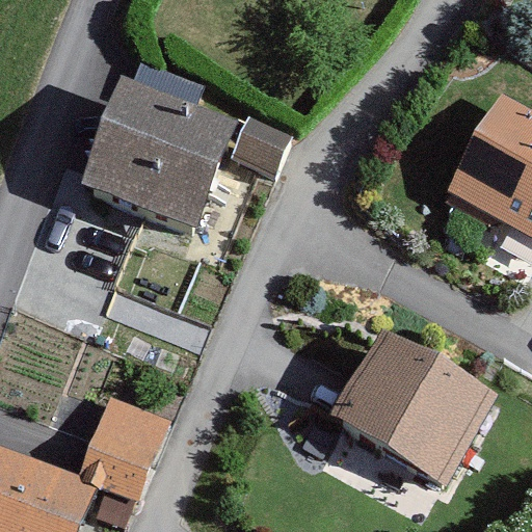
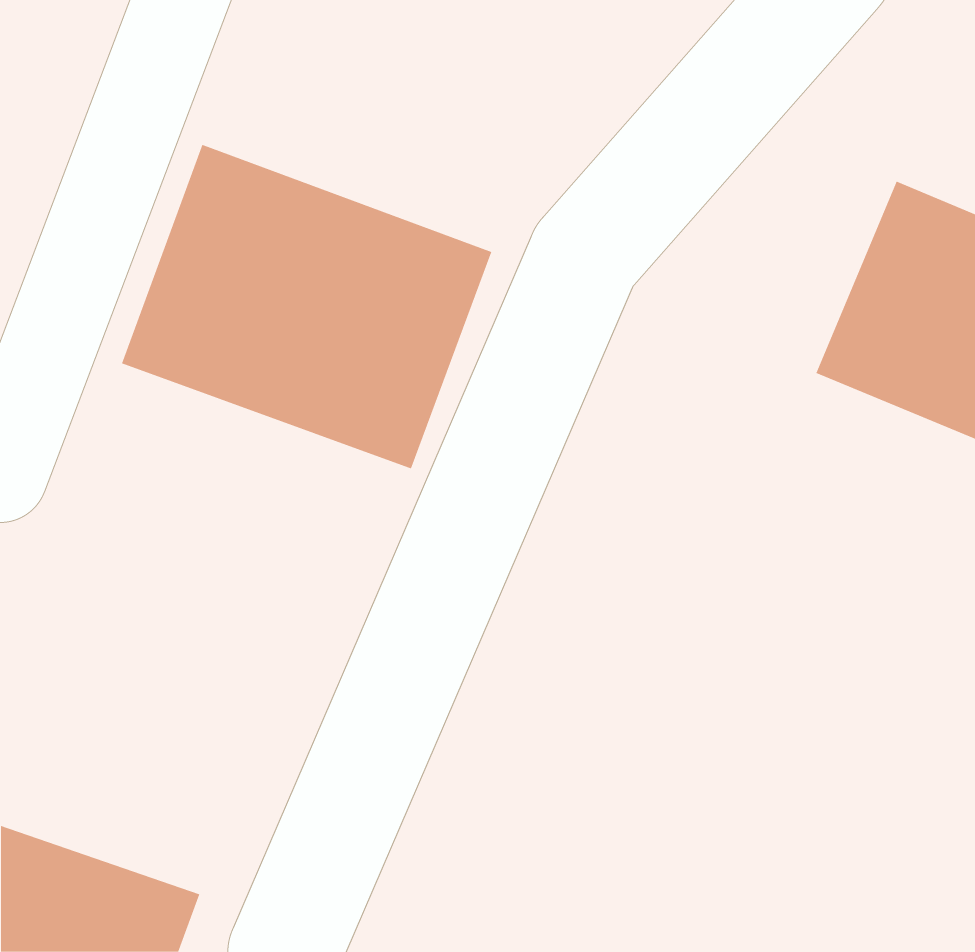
building: [334,335,487,478] -> none
building: [83,389,176,488] -> none

